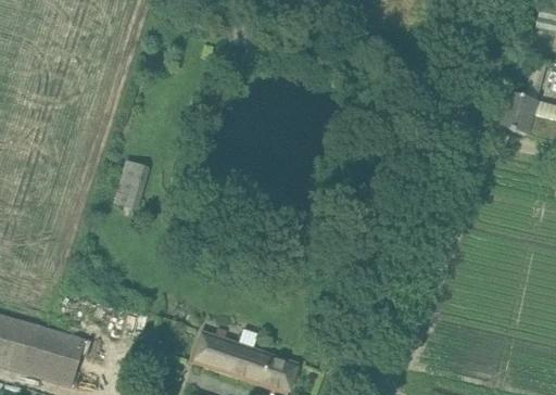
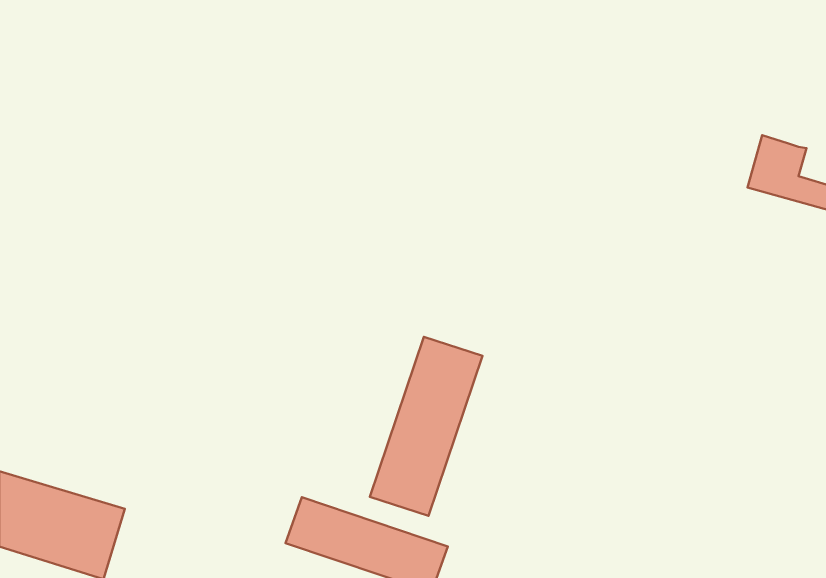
building: [113,161,149,212] -> none
building: none -> [370,337,483,516]

